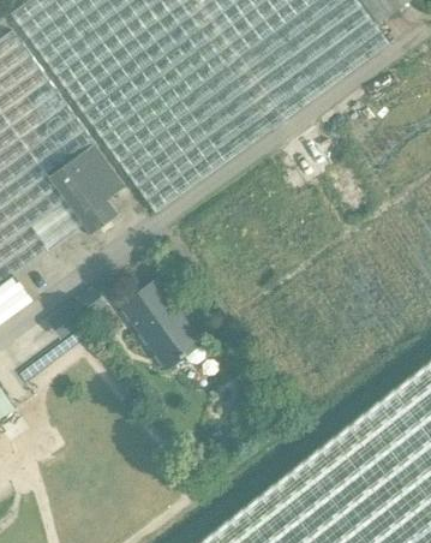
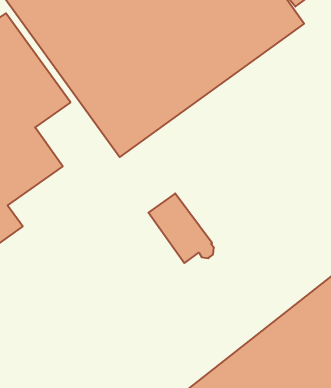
building: [49,145,125,234] -> none
building: [121,281,204,369] -> [148,193,214,263]

